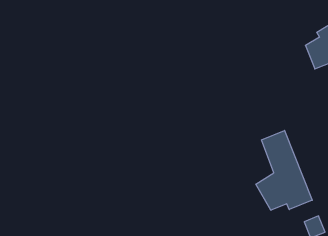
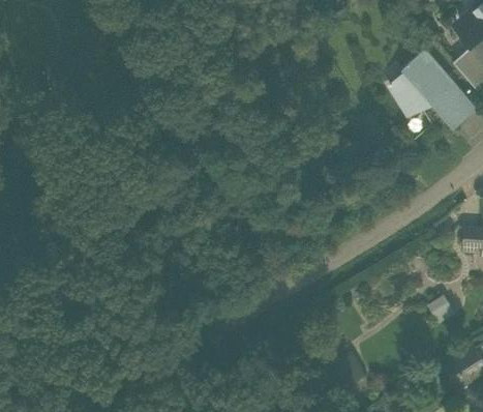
building: [256,130,312,210] -> none

